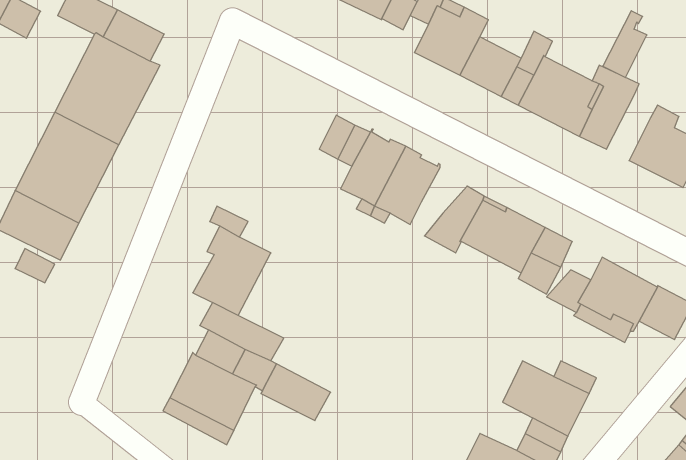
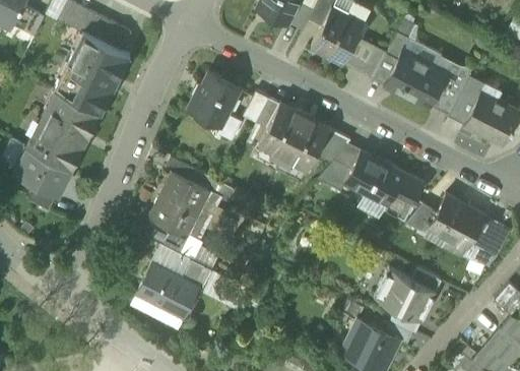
building: [603,11,647,78] -> [449,77,480,125]
building: none -> [188,73,241,127]
building: none -> [317,130,351,163]

